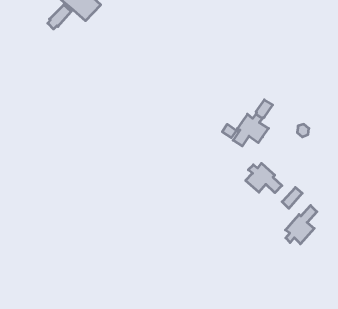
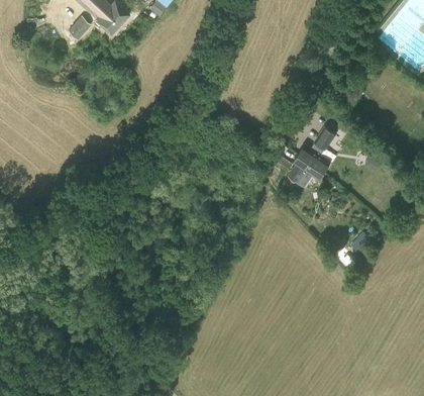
building: [246,163,282,193] -> none
building: [285,205,317,244] -> none

